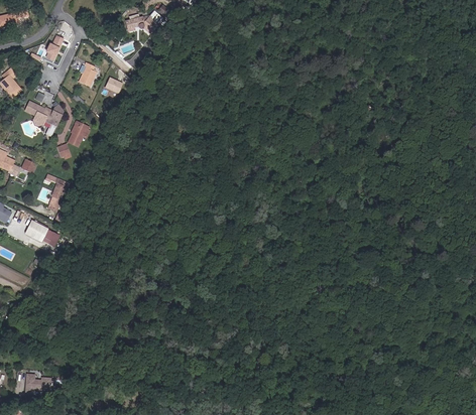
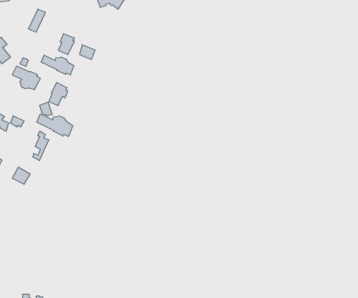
building: none -> [41,55,74,75]
building: none -> [37,114,73,137]

